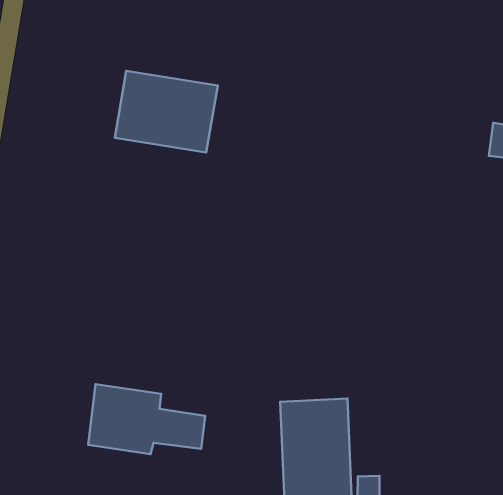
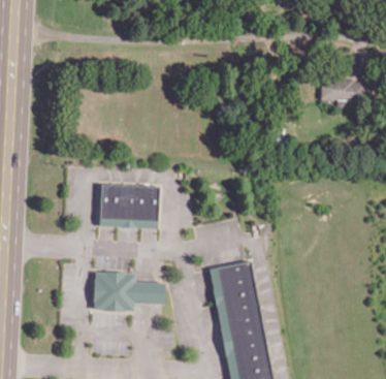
building: [115,71,218,152] -> [99,184,159,228]

